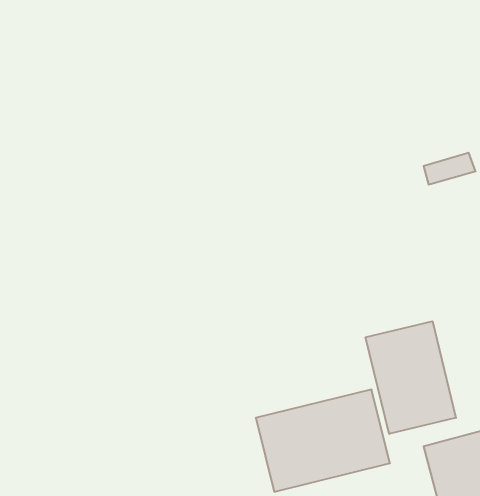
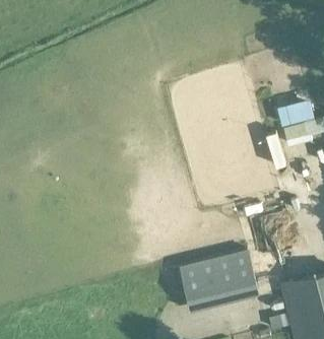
building: [366,321,456,434] -> none

